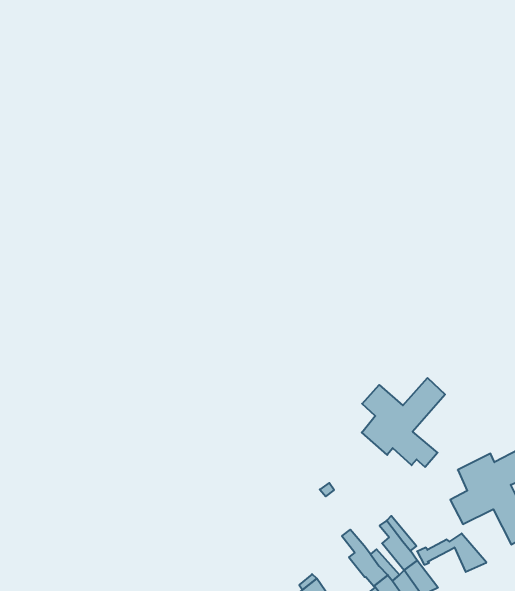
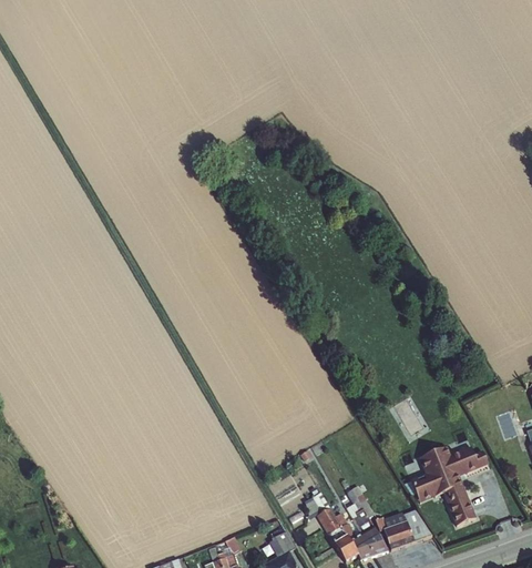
building: [362,378,445,467] -> none
building: none -> [381,520,412,550]

